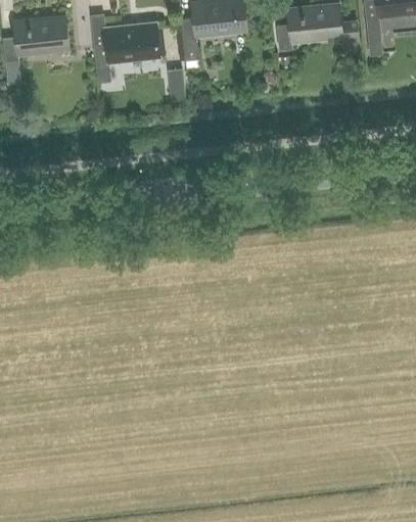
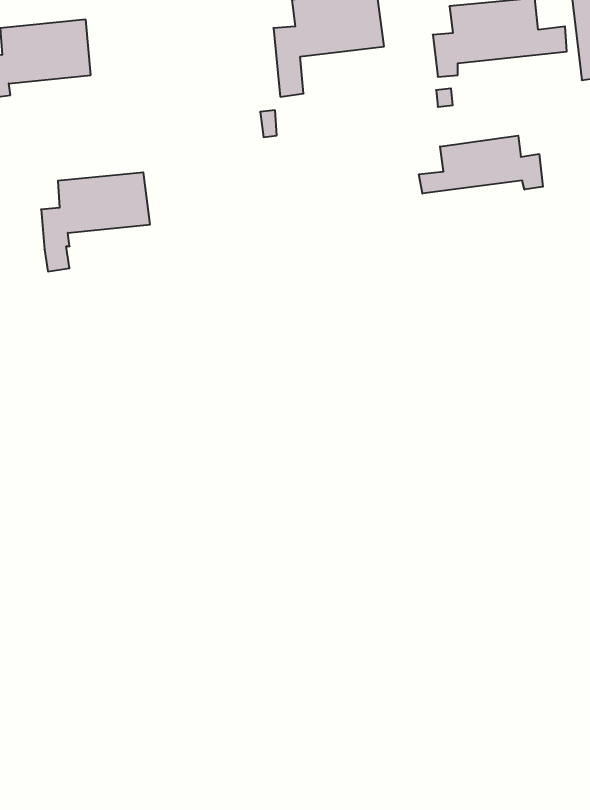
building: [94,23,160,84] -> [41,172,150,271]
building: none -> [419,136,543,194]

